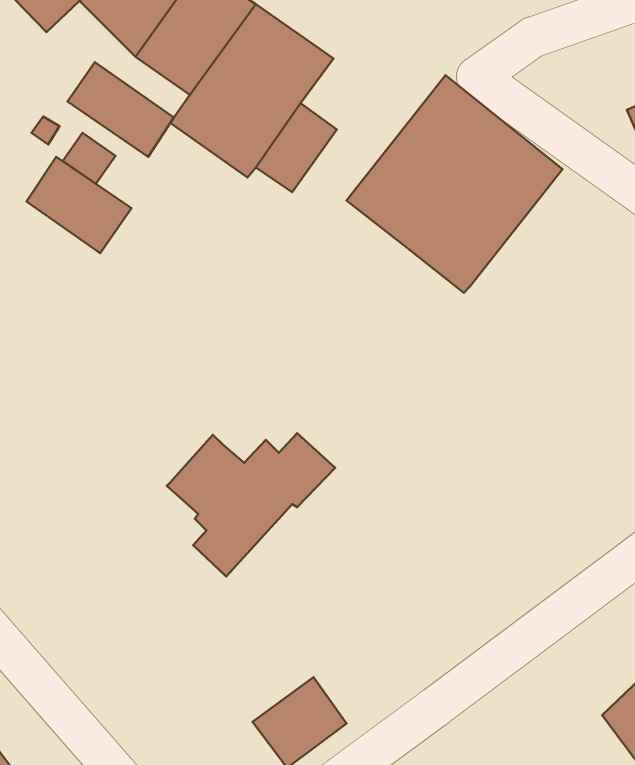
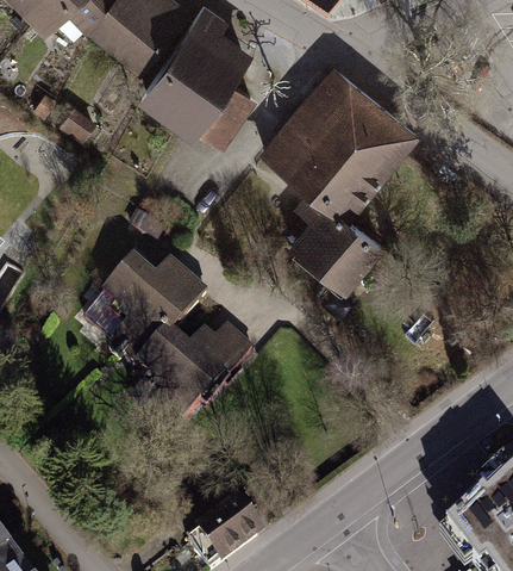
building: [67,62,174,157] -> none
building: [27,157,131,253] -> none
building: none -> [288,188,381,288]
building: none -> [86,256,208,358]

